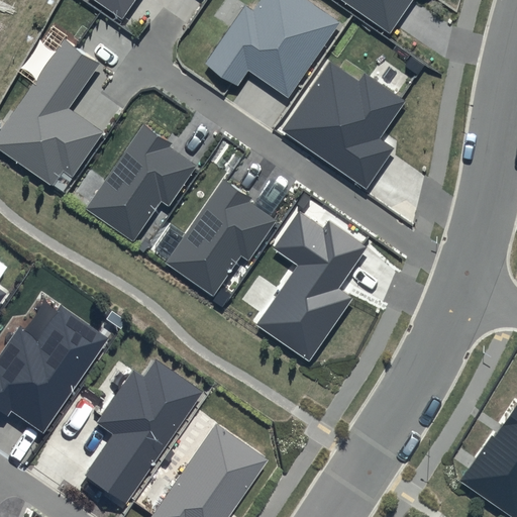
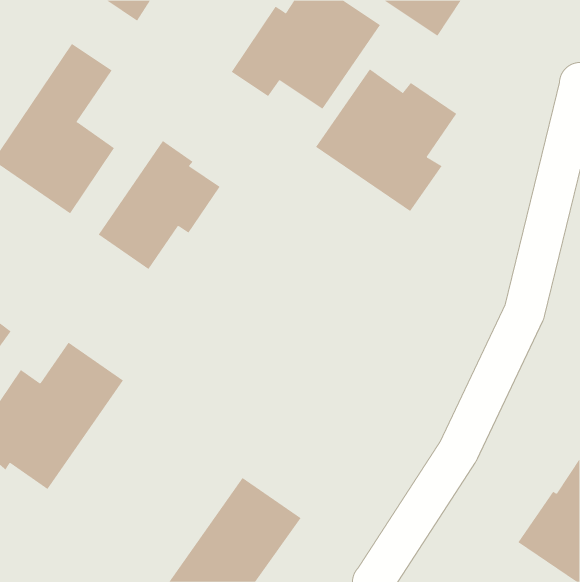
building: [167,179,276,294] -> none
building: [255,211,368,360] -> none
building: [84,359,201,503] -> none

